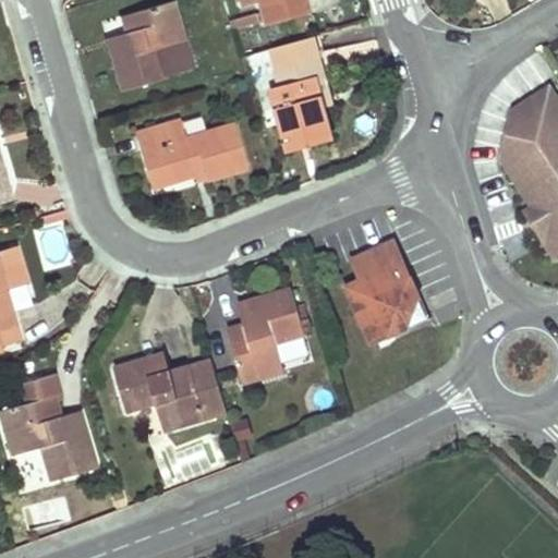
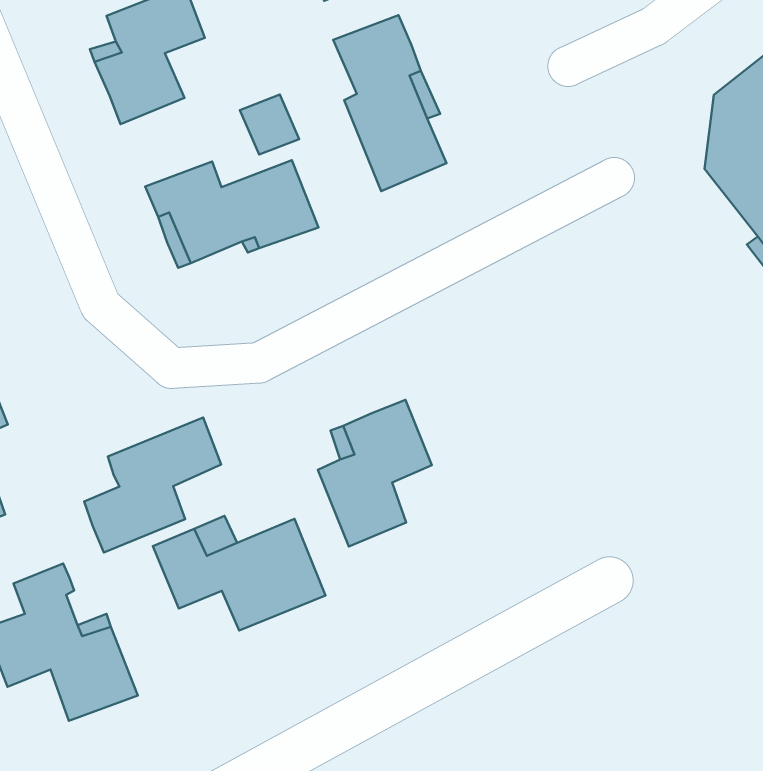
building: [156,38,193,76] -> [240,94,299,155]
building: [348,241,420,342] -> none
building: none -> [84,418,221,553]

